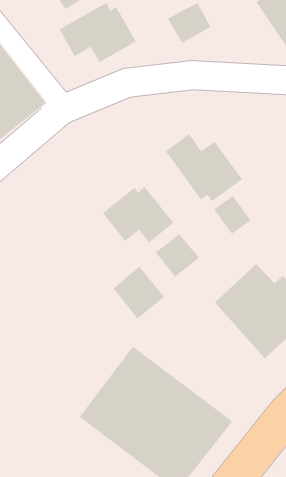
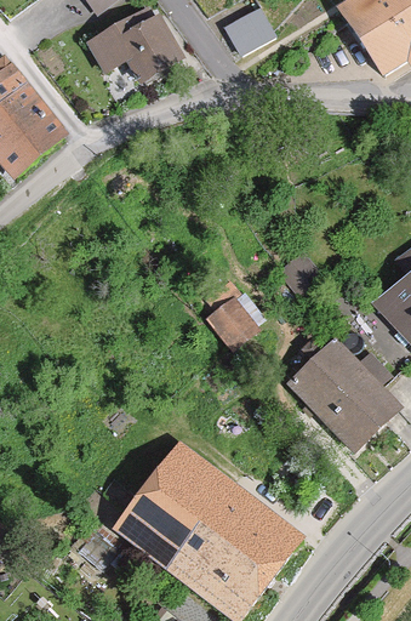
building: [165,133,243,202] -> none
building: [102,186,174,243] -> none
building: [113,266,165,319] -> none

